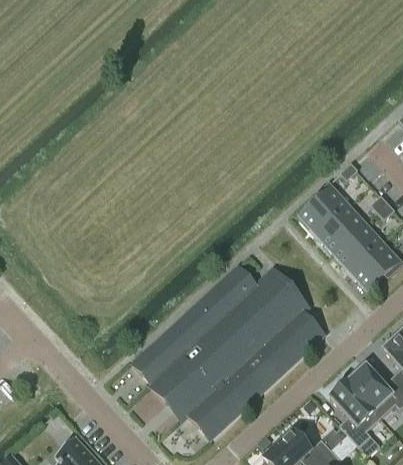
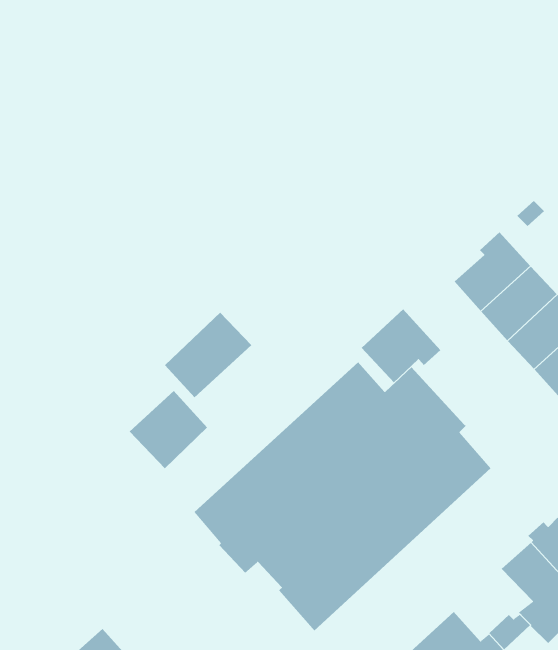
building: none -> [361,309,441,383]
building: none -> [164,312,252,398]
building: none -> [129,390,208,469]

